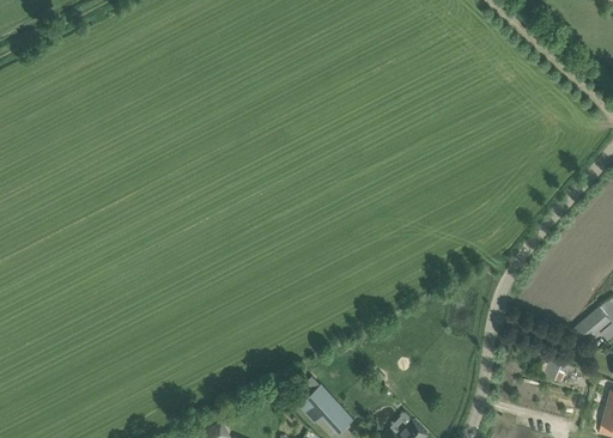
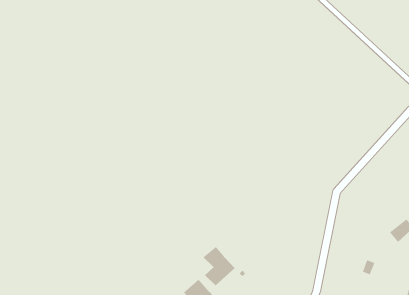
building: none -> [202,246,235,286]

